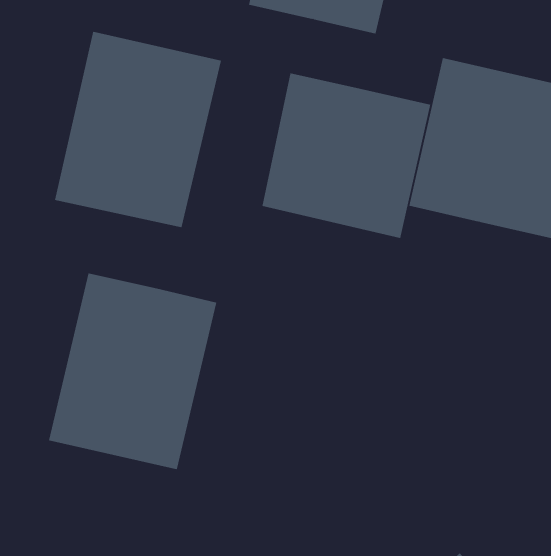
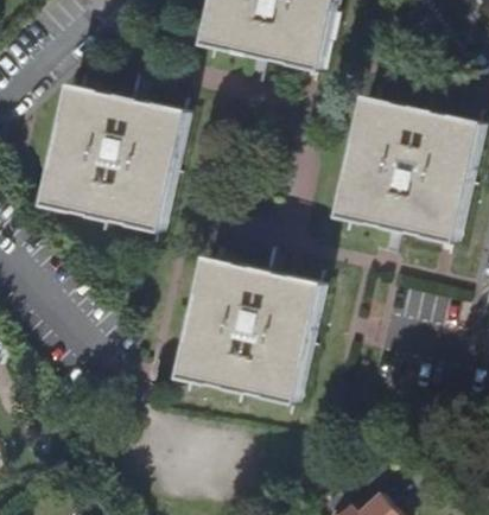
building: [262,72,431,239] -> none
building: [48,273,217,470] -> [183,249,319,408]

